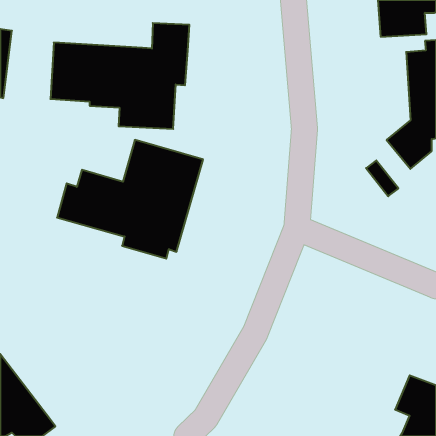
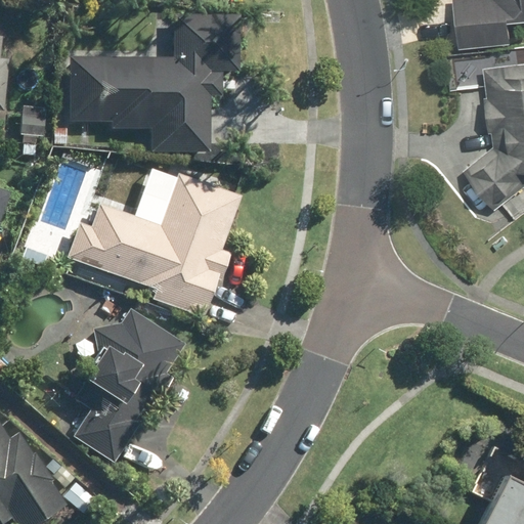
building: none -> [68,308,184,462]

